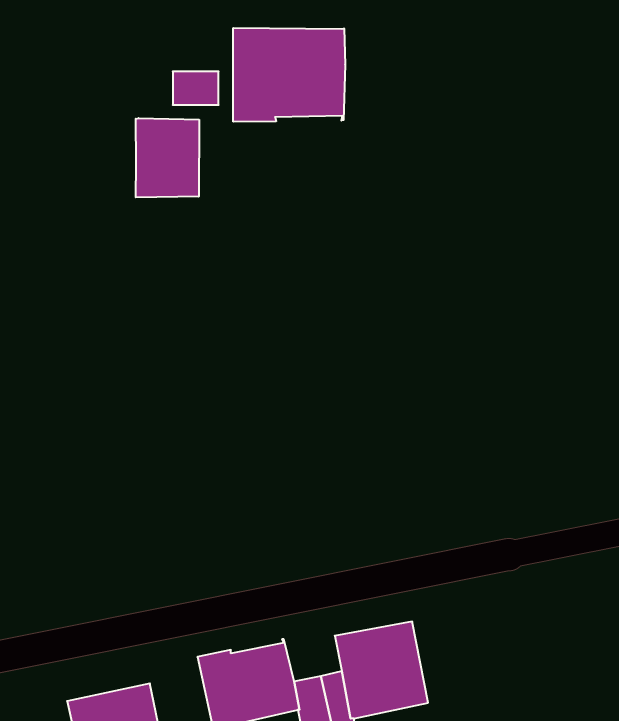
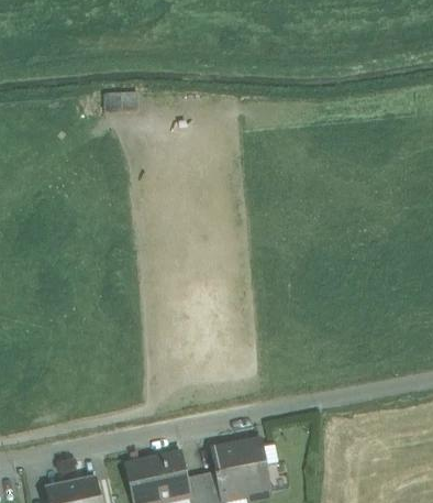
building: [233,28,345,122] -> none
building: [136,118,199,197] -> none

